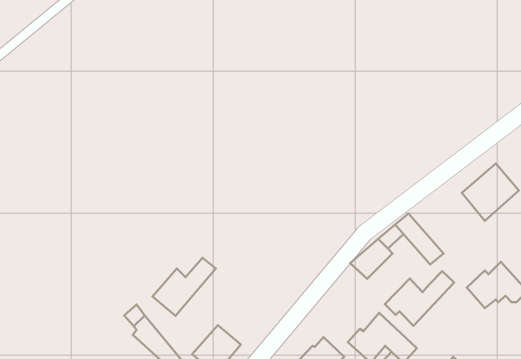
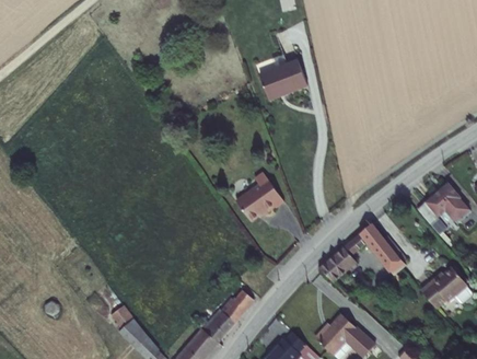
building: none -> [260,63,307,101]
building: none -> [236,172,286,222]
building: [153,258,216,316] -> [197,289,254,341]
building: [385,271,454,326] -> none

